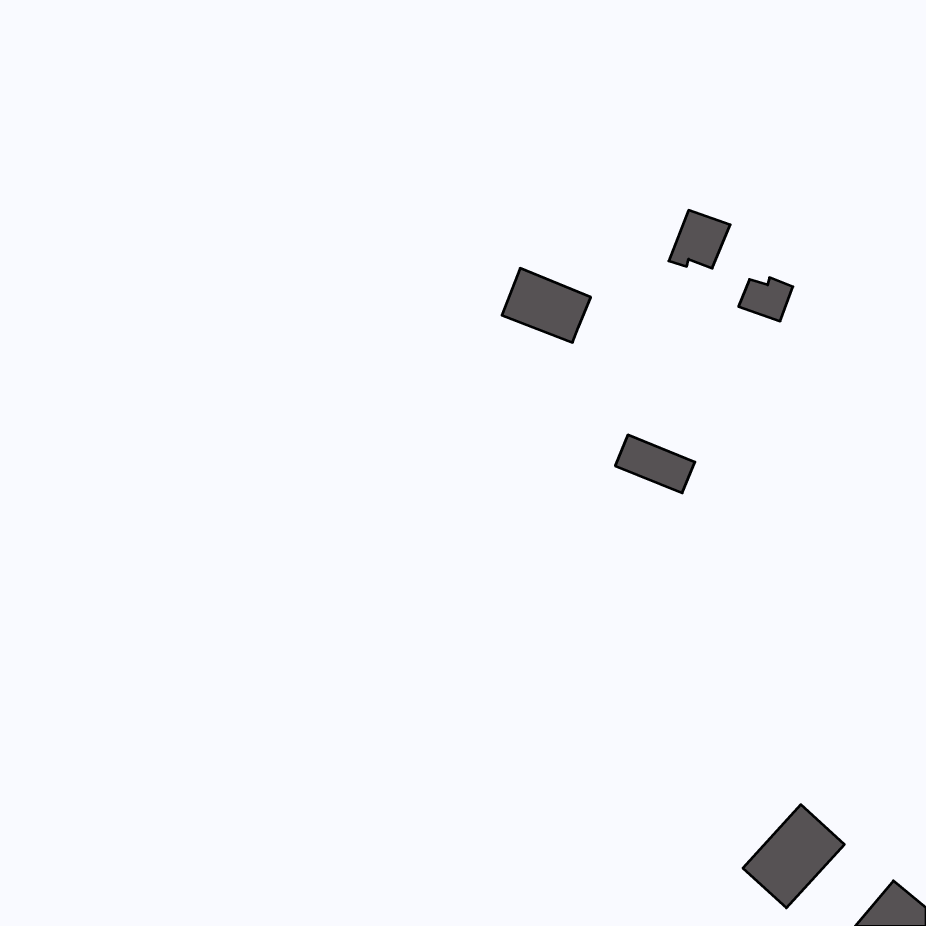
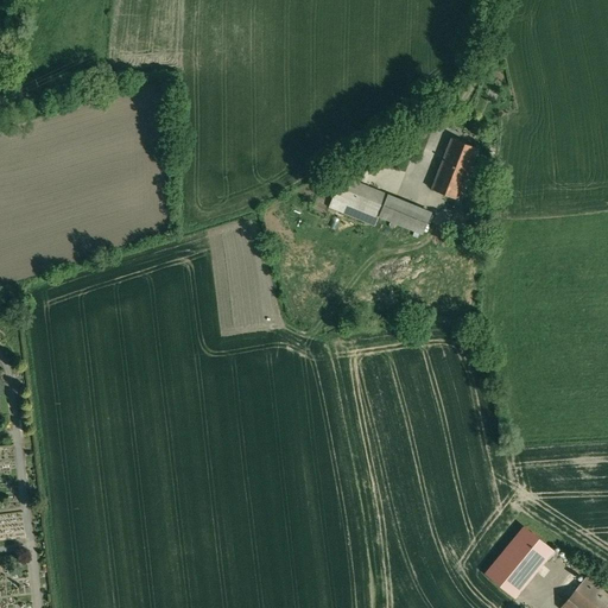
building: [739,278,793,321] -> [431,170,467,198]
building: [615,435,695,493] -> [379,195,431,233]

